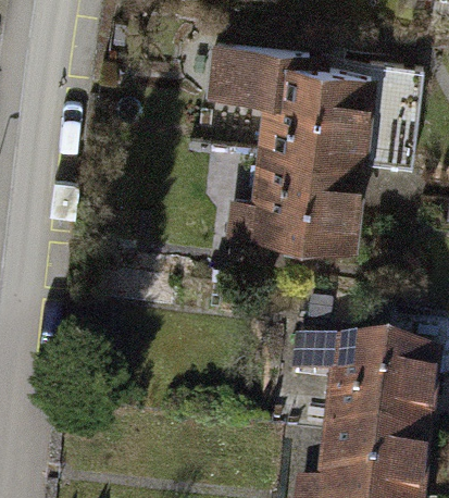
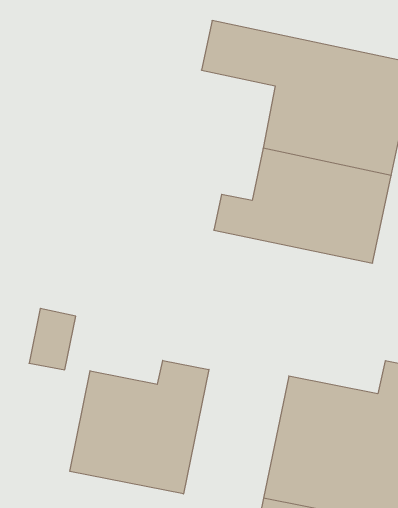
building: none -> [70,360,209,494]

